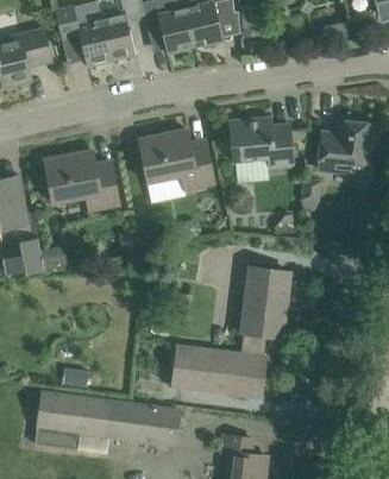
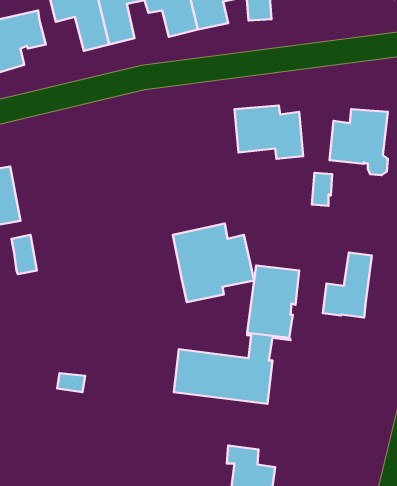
building: [138,130,214,203] -> [173,224,254,302]
building: [43,151,119,210] -> none
building: none -> [323,252,372,318]
building: [34,392,178,449] -> none

